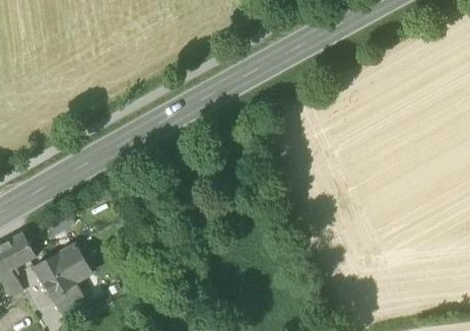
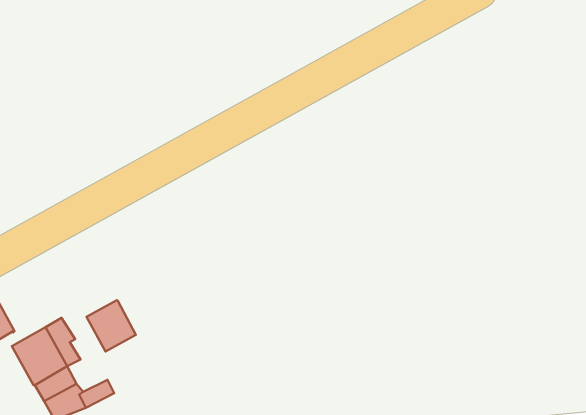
building: none -> [86,300,136,352]

